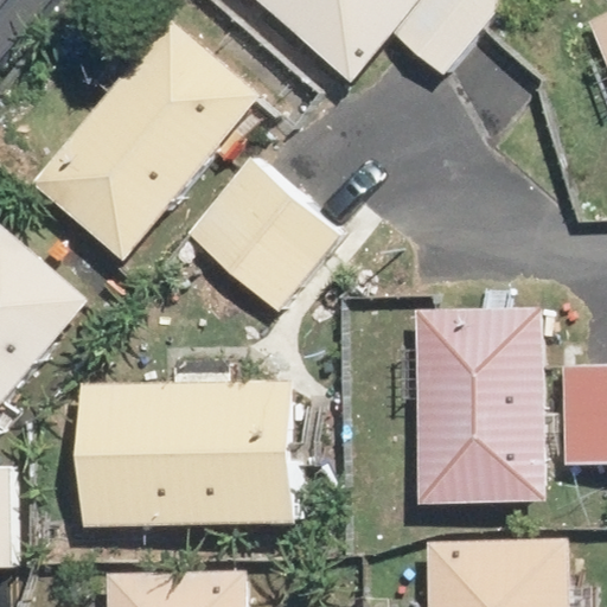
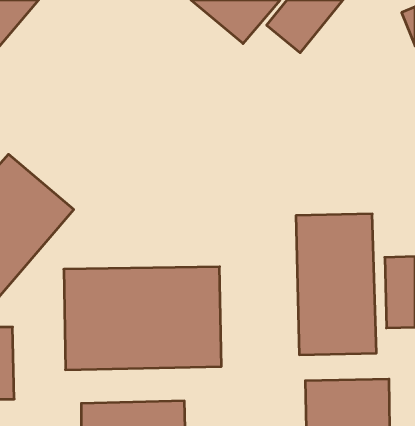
building: [44,15,277,260] -> none
building: [196,159,345,306] -> none

